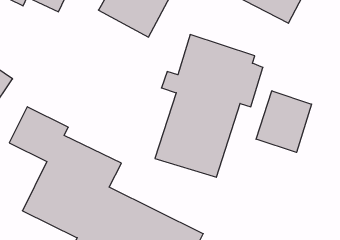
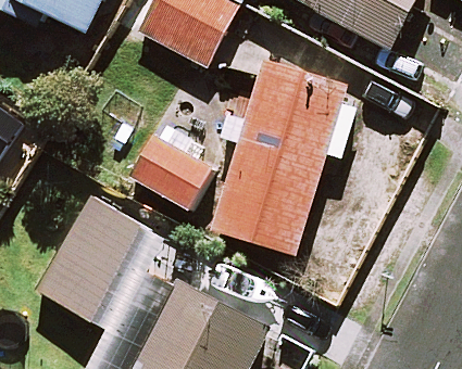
building: none -> [127,132,220,214]
building: [256,91,312,152] -> none

